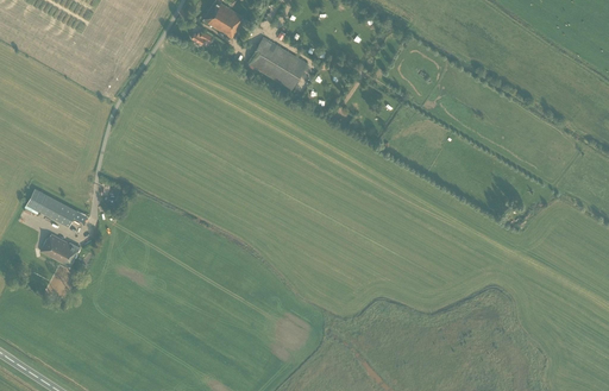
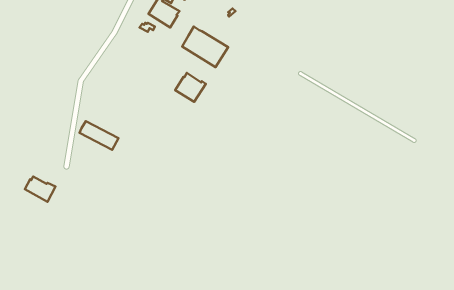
building: none -> [175,73,206,102]
building: [26,189,77,227] -> [80,121,118,150]

